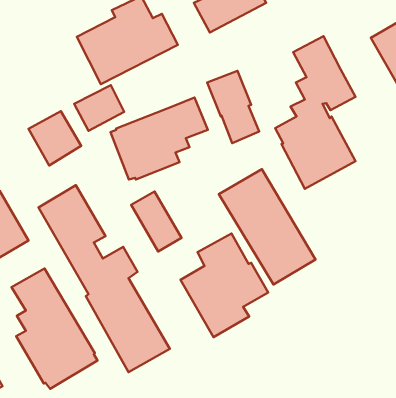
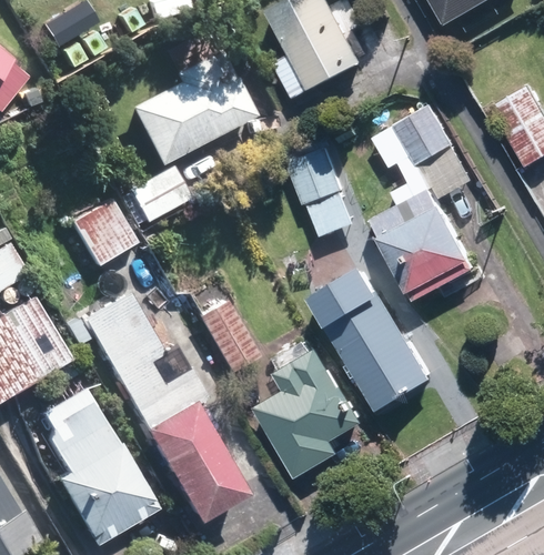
building: [111,98,208,180] -> none

